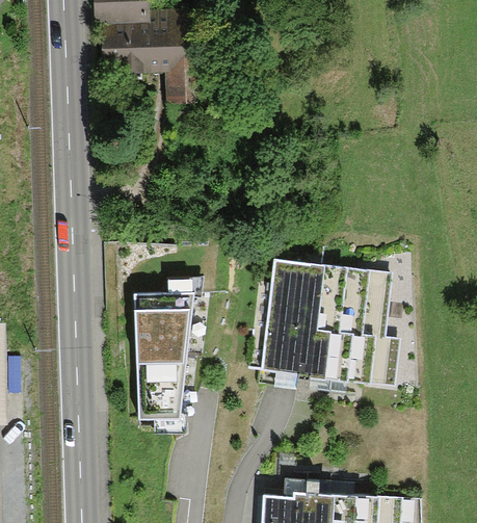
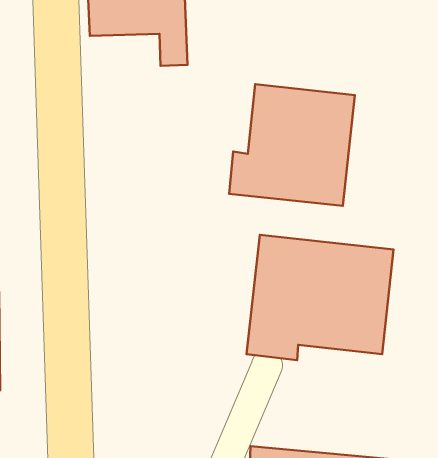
building: none -> [229,84,355,206]
building: [133,291,200,419] -> none

